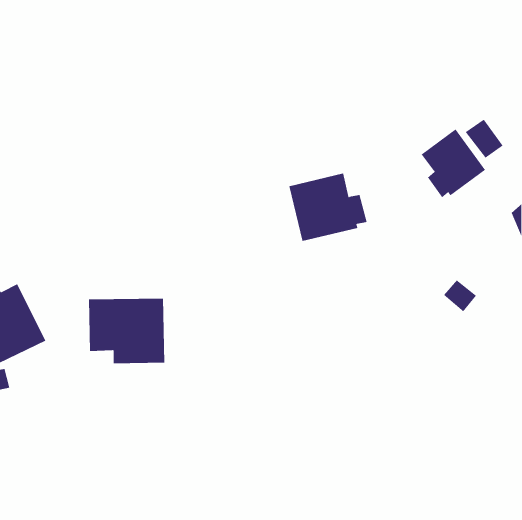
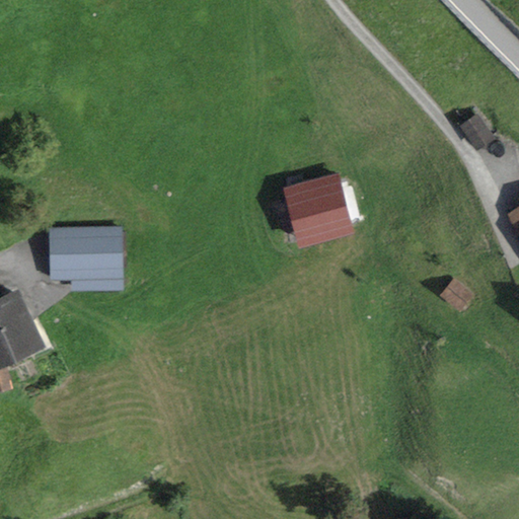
building: [421,129,486,198] -> none
building: [88,298,165,364] -> [47,226,123,291]

